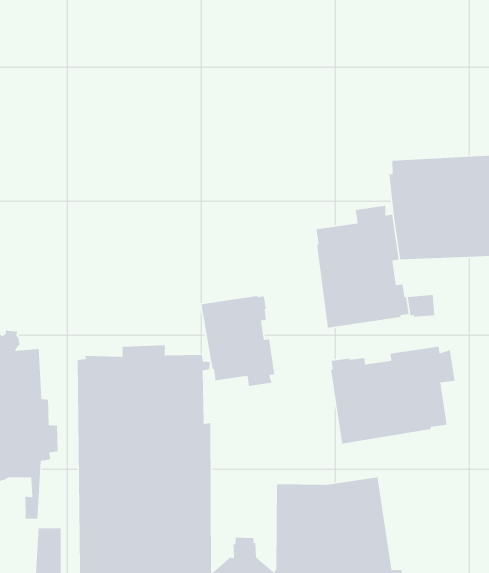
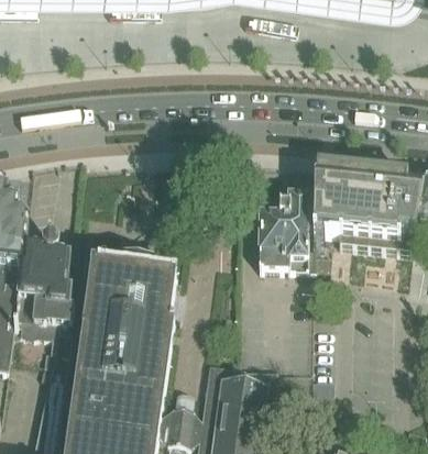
building: [201,295,275,387] -> none
building: [330,346,455,445] -> none

